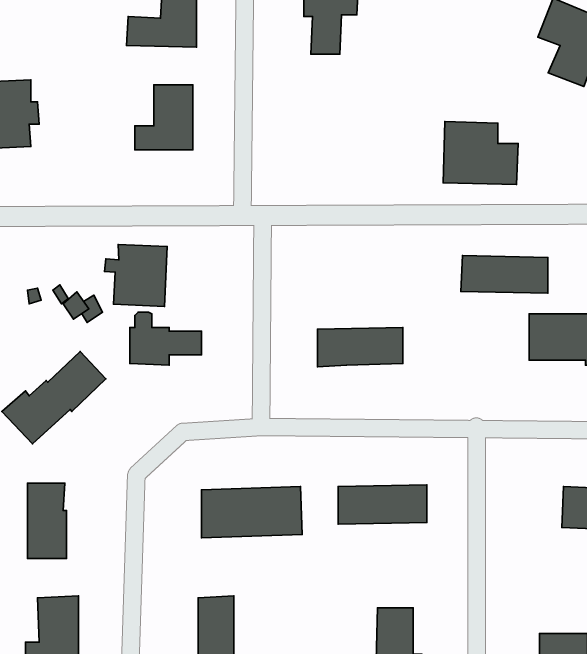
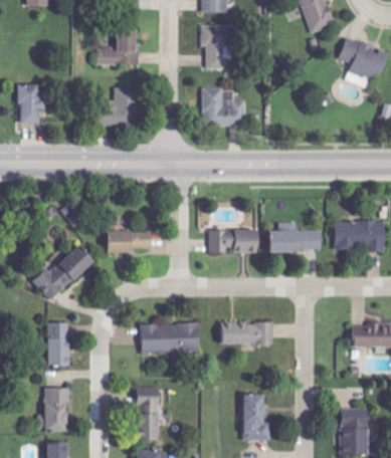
building: [443,121,518,185] -> [201,88,245,126]
building: [105,244,167,307] -> none
building: [461,256,548,293] -> [270,230,322,252]

